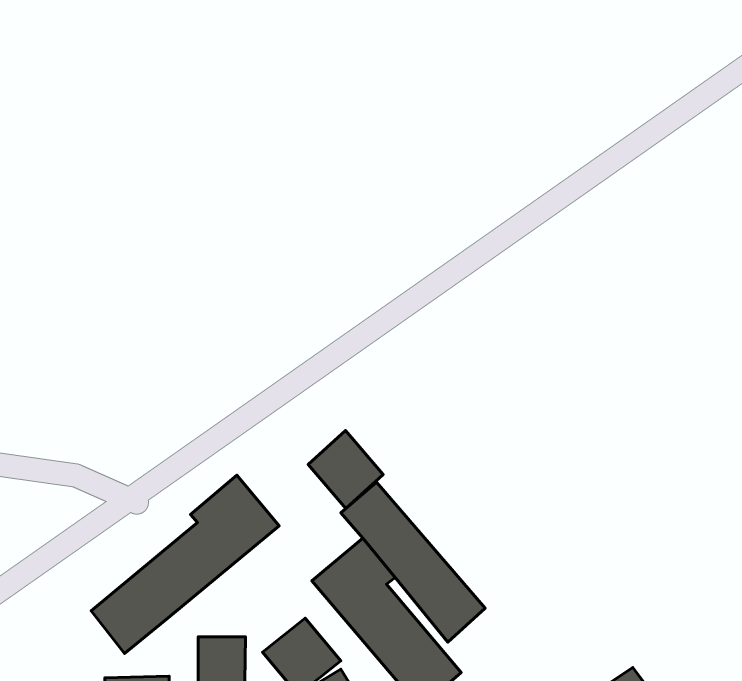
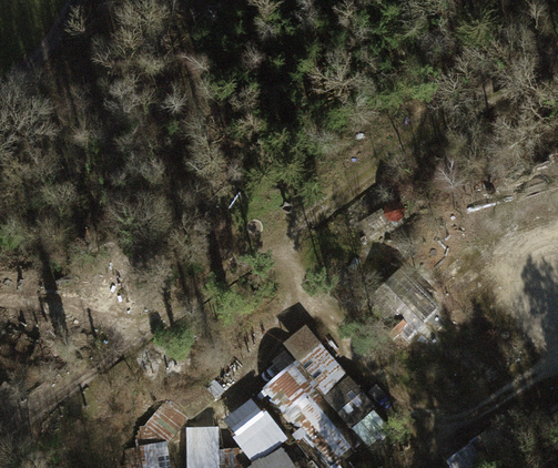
building: [308,431,383,508] -> none
building: [91,475,279,653] -> none

